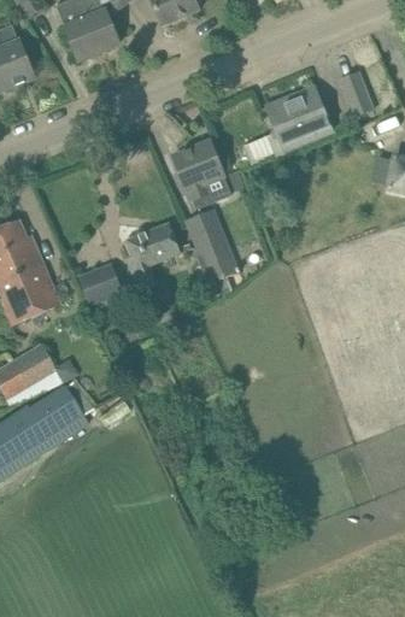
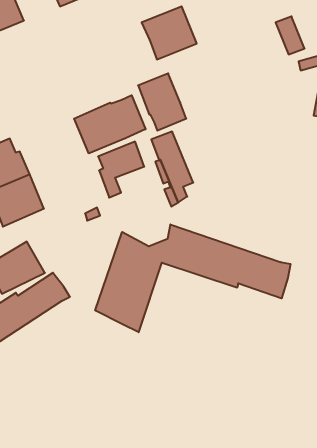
building: [266,86,333,149] -> [142,6,197,59]
building: none -> [74,95,146,153]
building: [80,263,123,304] -> none
building: none -> [95,224,290,332]

